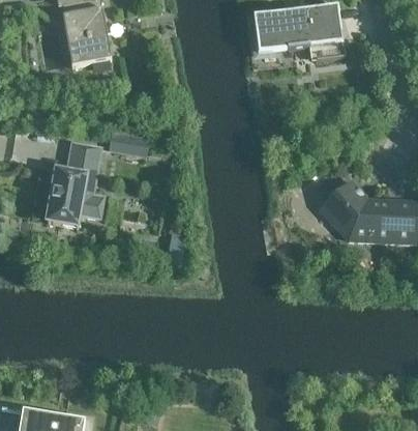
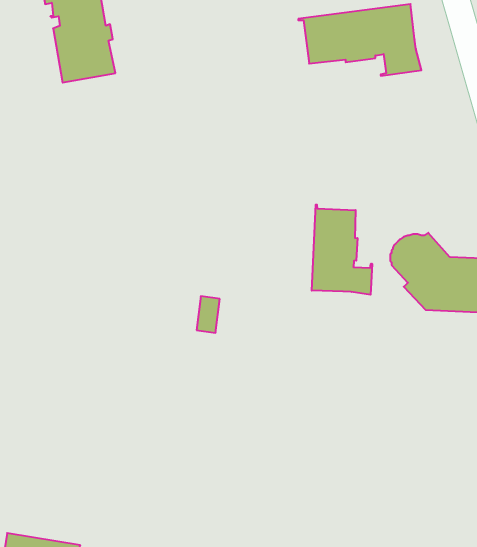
building: [108,130,148,155] -> none
building: [46,142,103,226] -> none
building: none -> [312,205,372,295]

